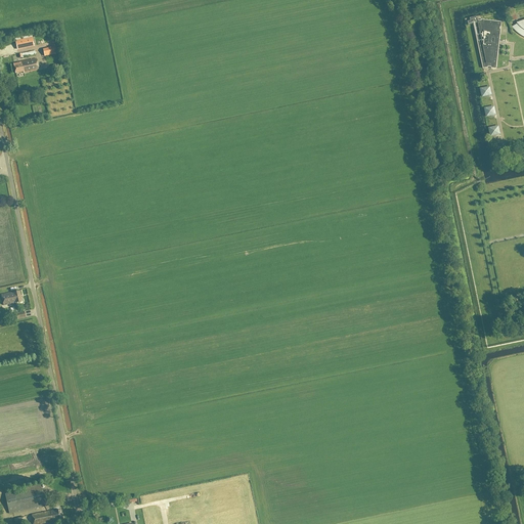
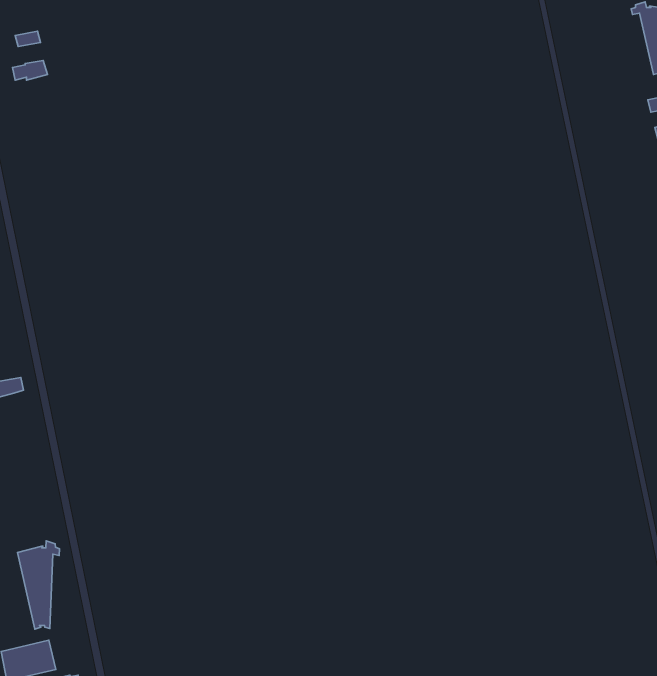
building: none -> [17,541,60,629]

